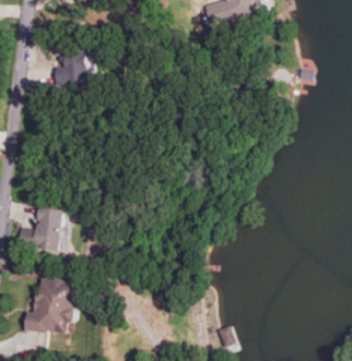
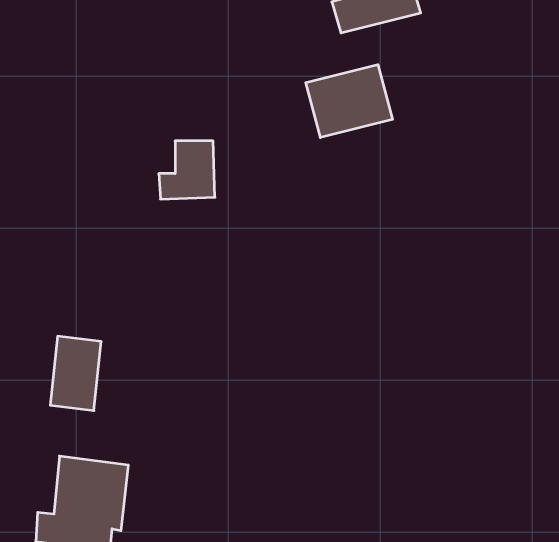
building: none -> [306,65,393,138]
building: [54,48,87,83] -> [159,141,215,199]

